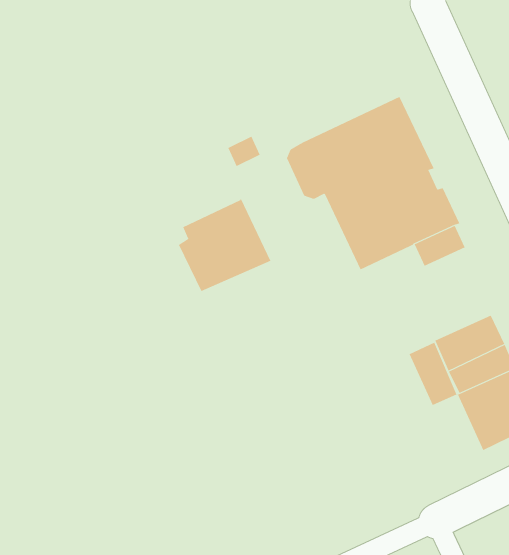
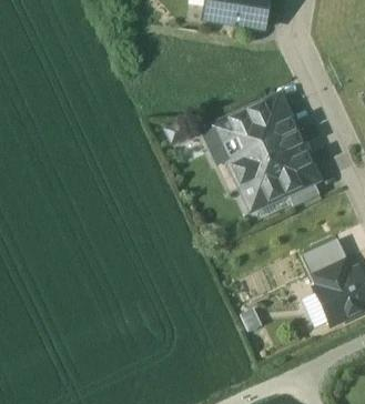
building: [178,198,271,292] -> none
building: [409,342,457,406] -> none

